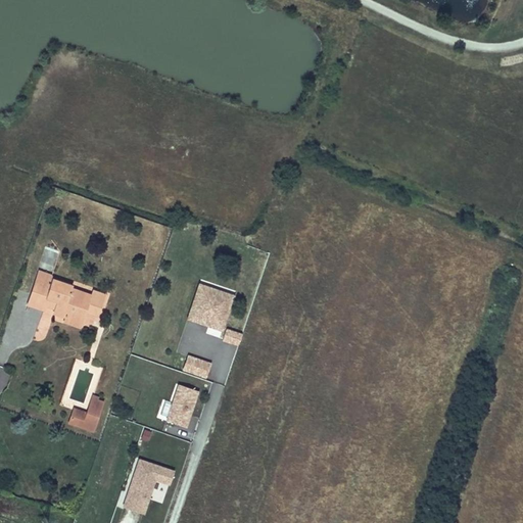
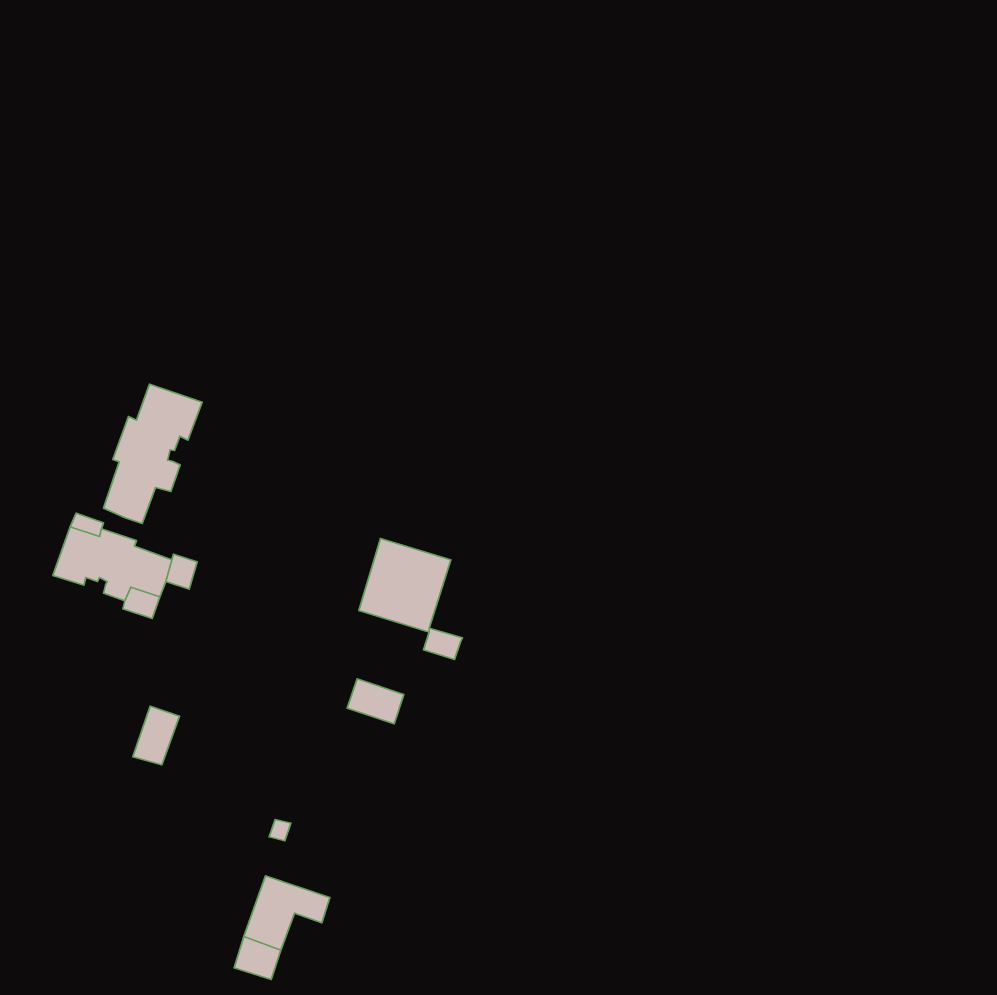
building: none -> [103,384,202,523]
building: [165,385,199,429] -> none
building: [67,394,103,430] -> none

